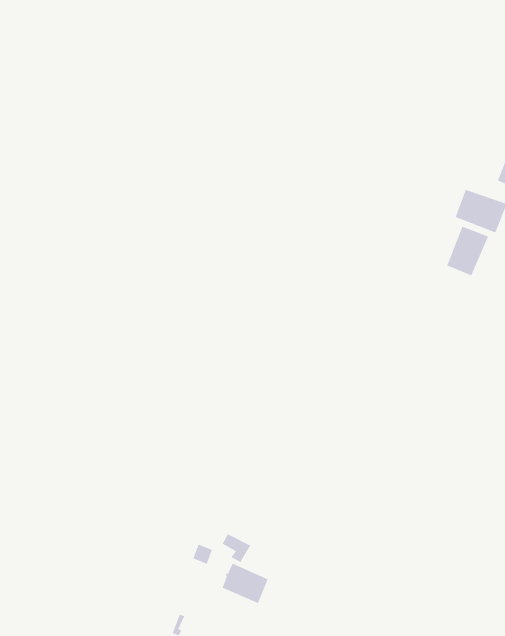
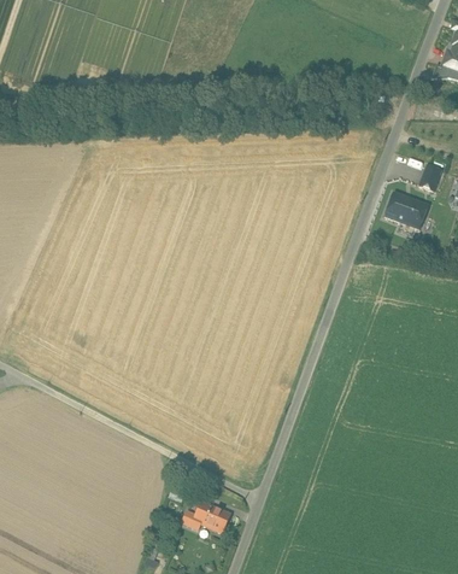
building: [446,226,489,276] -> none

